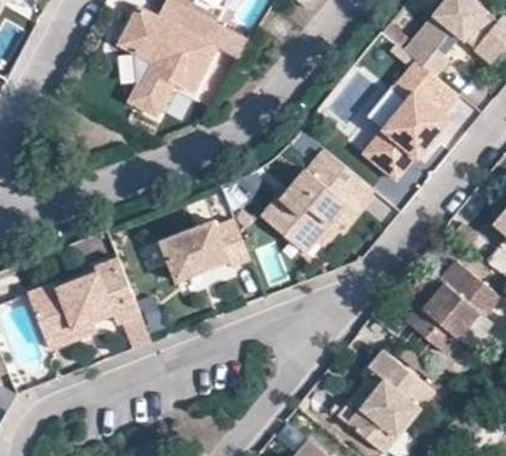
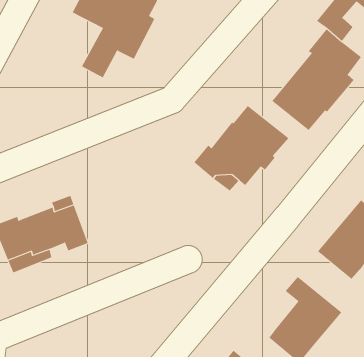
building: [159,218,250,283] -> none

